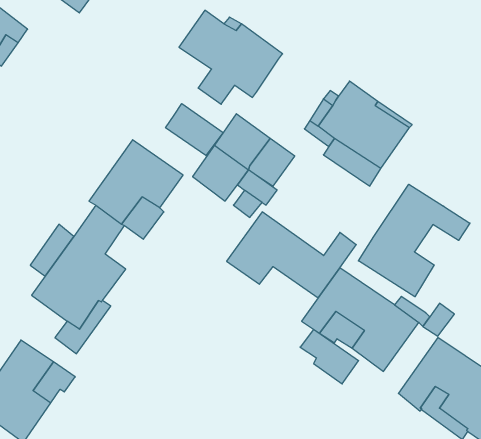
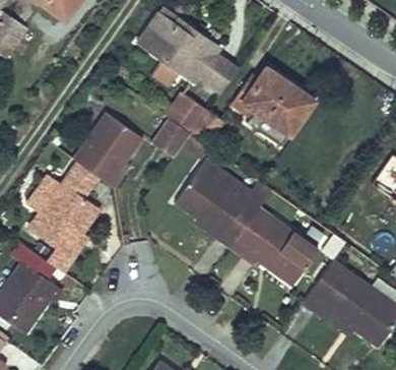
building: none -> [197,52,238,94]
building: [166,104,223,156] -> none
building: [358,184,470,297] -> none
building: [300,329,359,384] -> [199,206,243,247]

